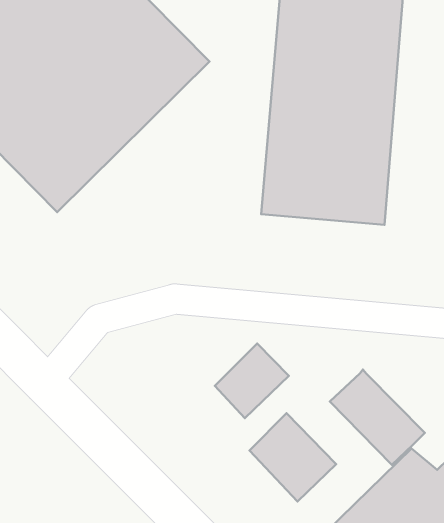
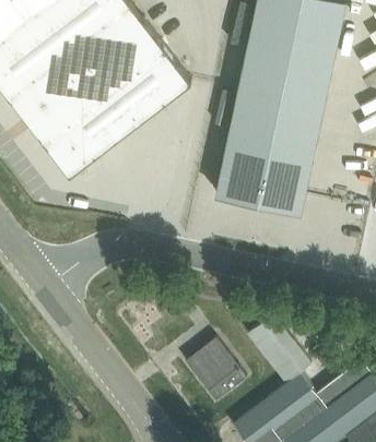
building: [215,343,289,418] -> none

